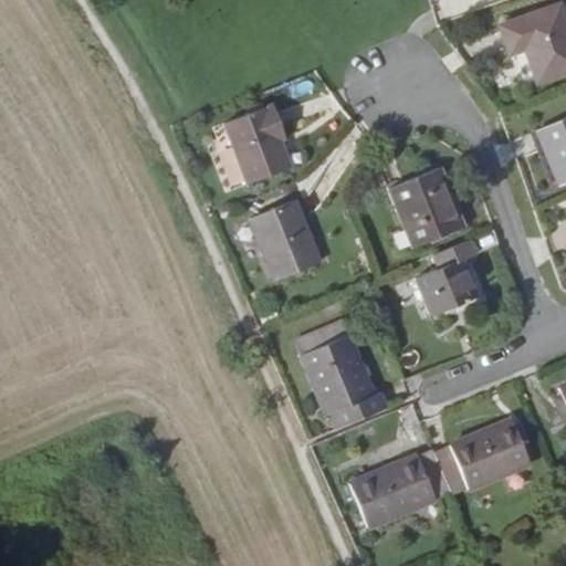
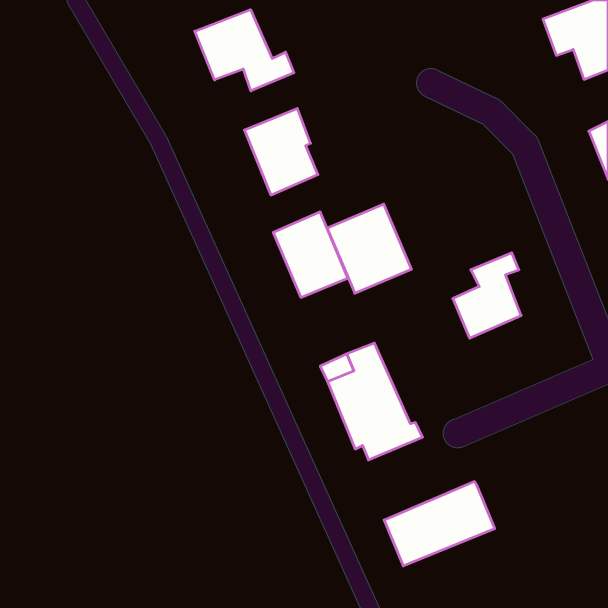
building: none -> [195,10,294,91]
building: [387,166,464,248] -> [327,204,411,293]
building: [438,420,532,494] -> none

